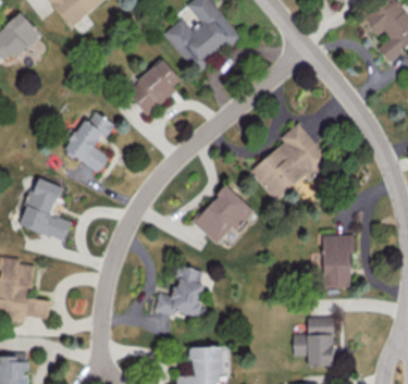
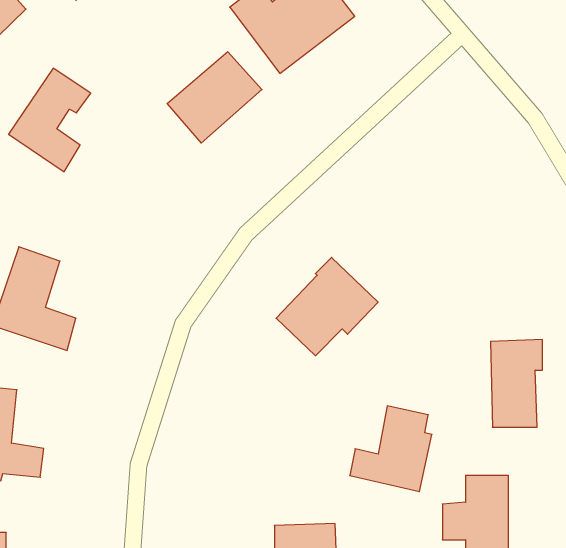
building: [64,110,114,173] -> [9,68,91,172]
building: [249,123,332,201] -> none
building: [154,267,205,319] -> [350,406,432,492]

